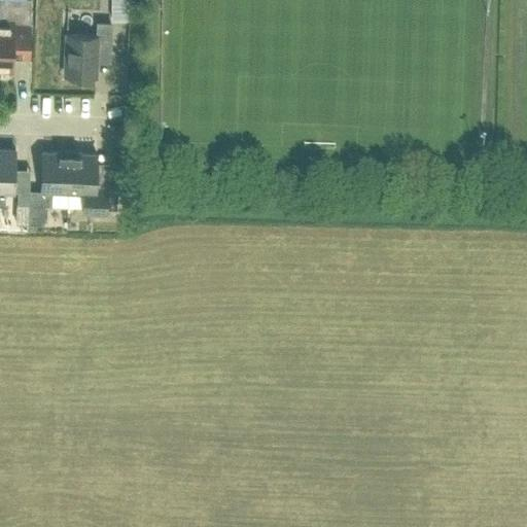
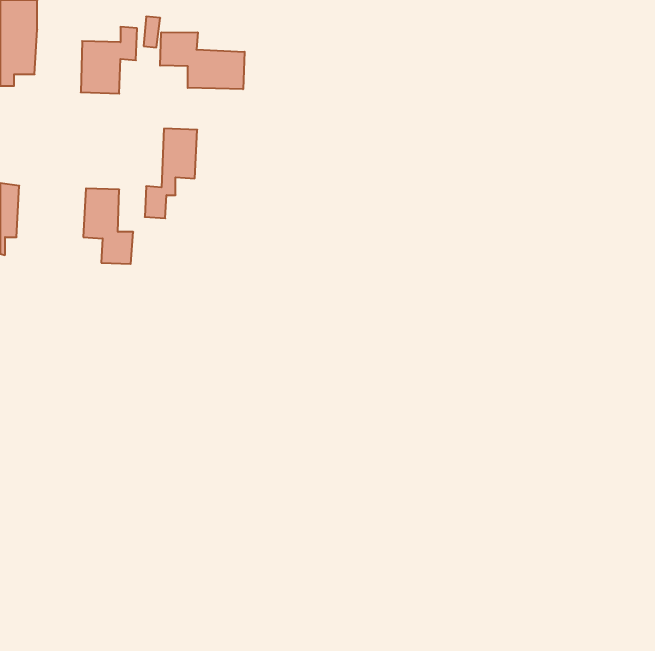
building: none -> [160,32,245,89]
building: [27,153,69,225] -> [145,129,197,218]

